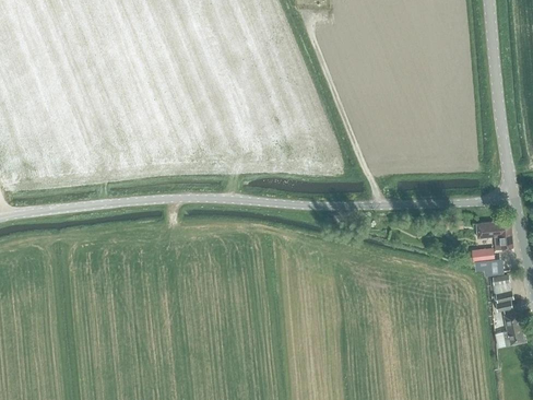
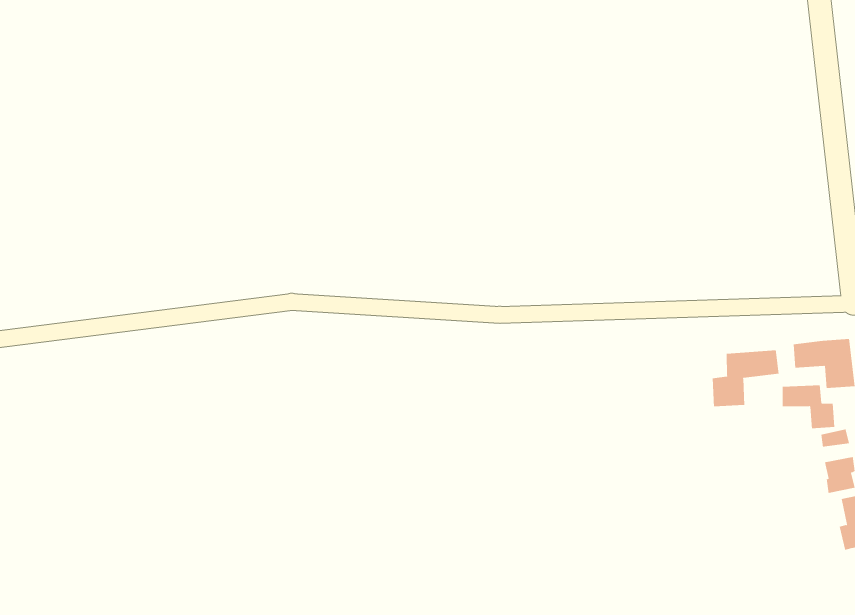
building: none -> [712,349,779,407]

